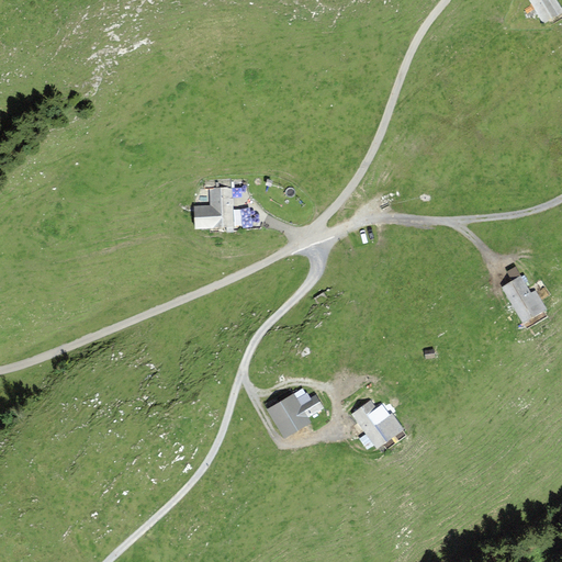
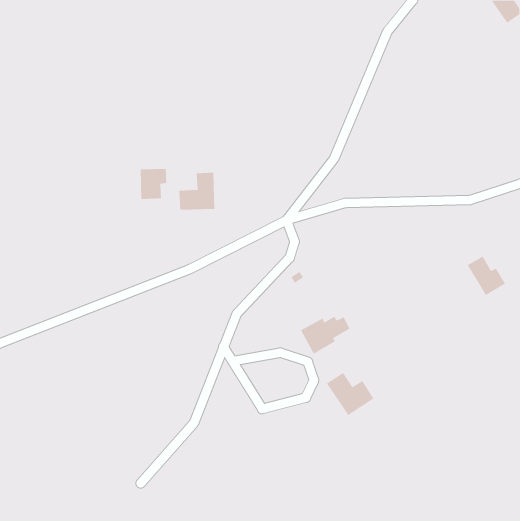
building: none -> [140,168,167,200]
building: [268,392,322,434] -> [300,316,350,354]

